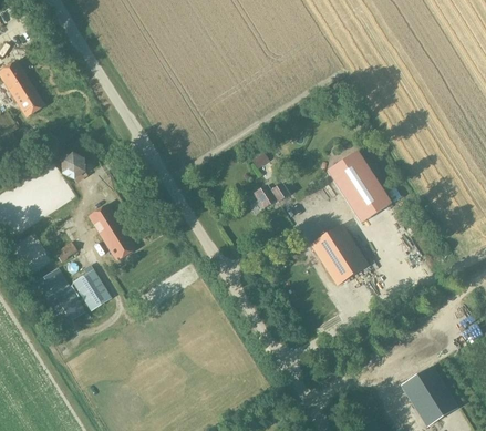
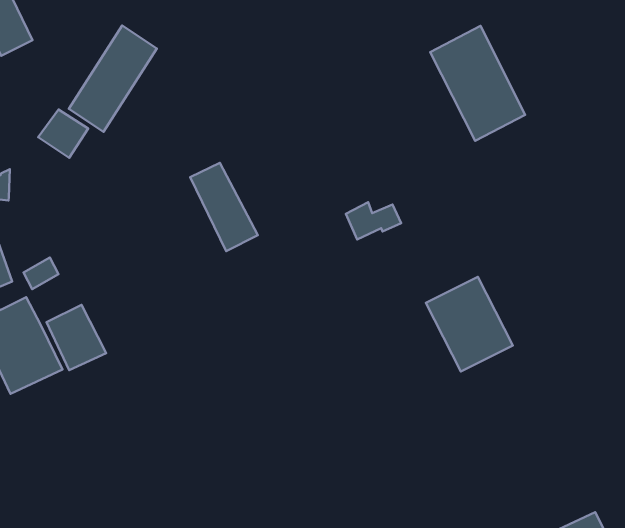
building: none -> [69,25,157,132]
building: [327,150,391,223] -> [430,26,525,141]
building: [89,204,135,259] -> [190,163,258,251]

